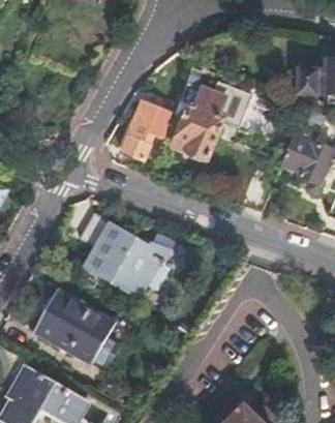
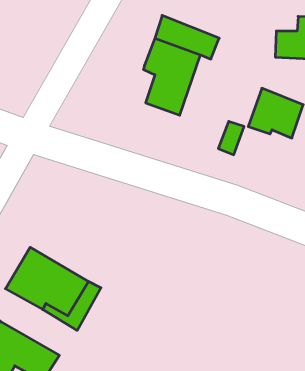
building: [122,96,172,155] -> none
building: [85,215,173,299] -> none

